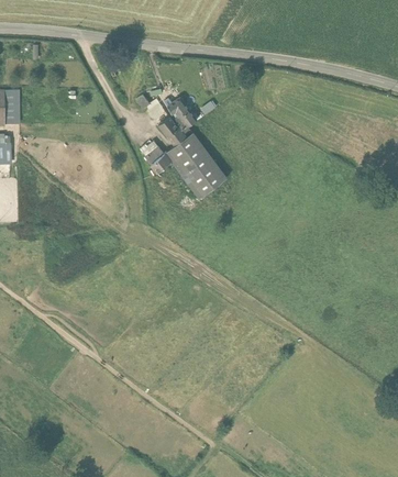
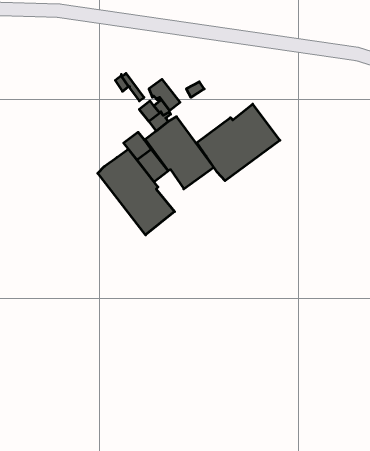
building: none -> [197,104,280,181]
building: none -> [98,149,175,235]

